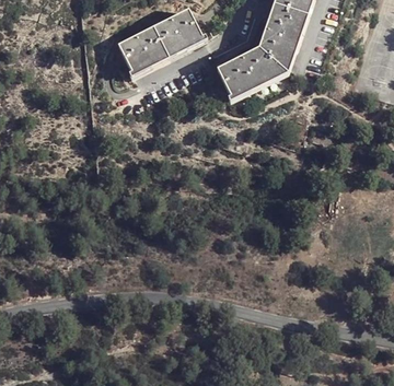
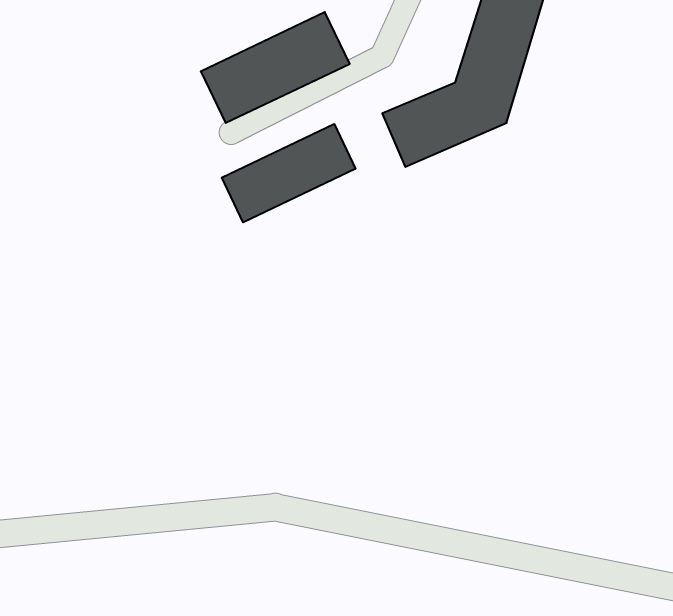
building: none -> [222,124,355,222]

